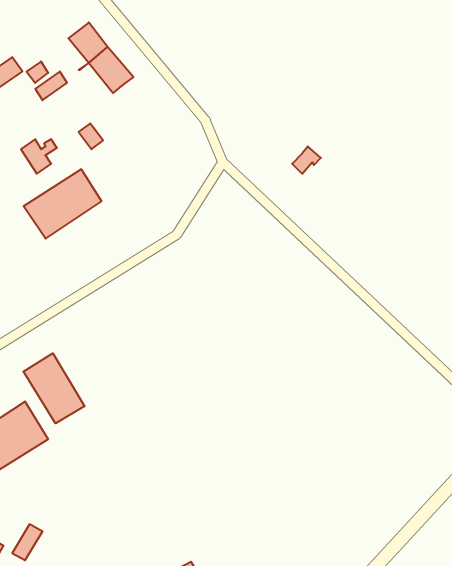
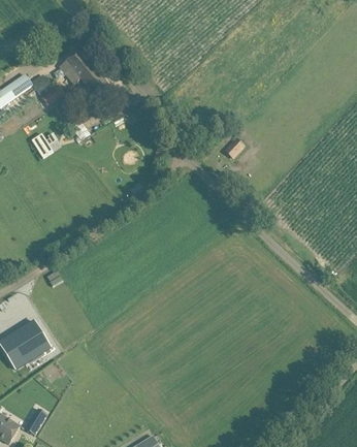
building: [24,169,101,239] -> none
building: [23,353,85,423] -> none

